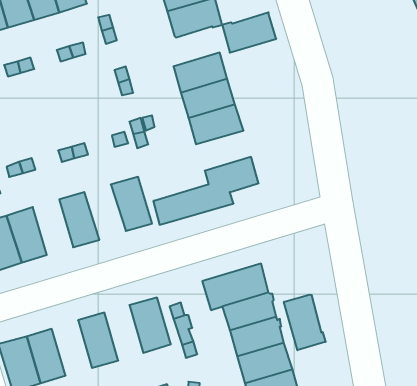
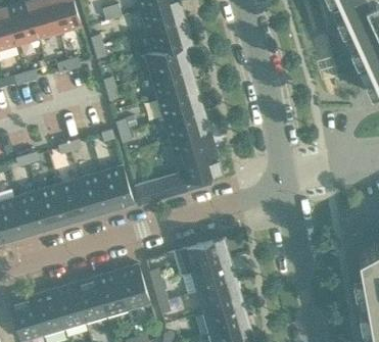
building: [222,12,276,53] -> [145,45,189,78]
building: none -> [170,130,215,162]
building: none -> [79,174,112,218]
building: none -> [37,186,69,231]
building: [284,295,326,350] -> none
building: none -> [95,272,127,316]
building: none -> [52,284,85,329]

